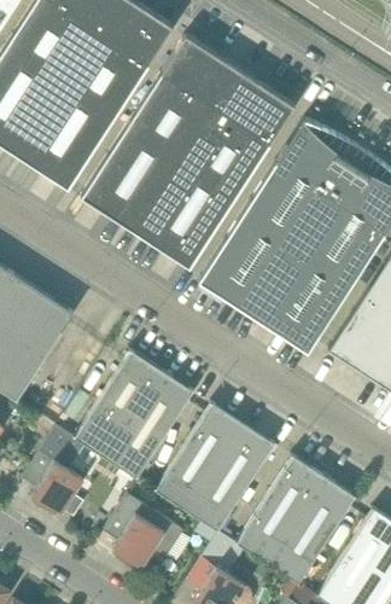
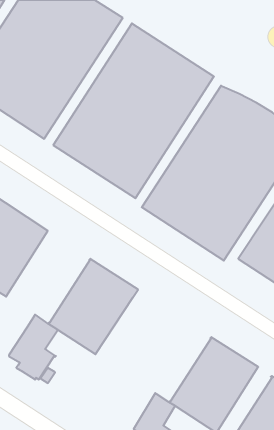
building: [153,402,274,532] -> none
building: [103,494,183,565] -> none

